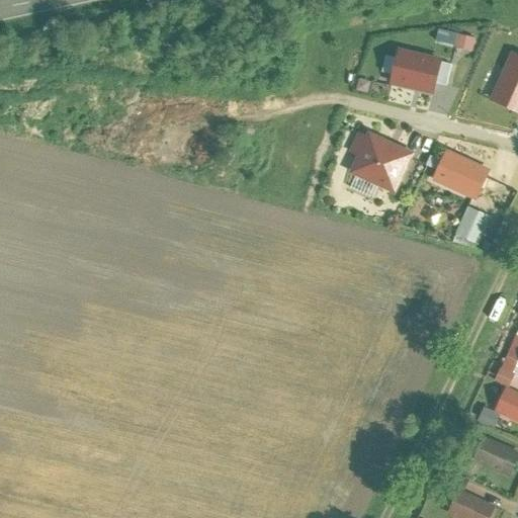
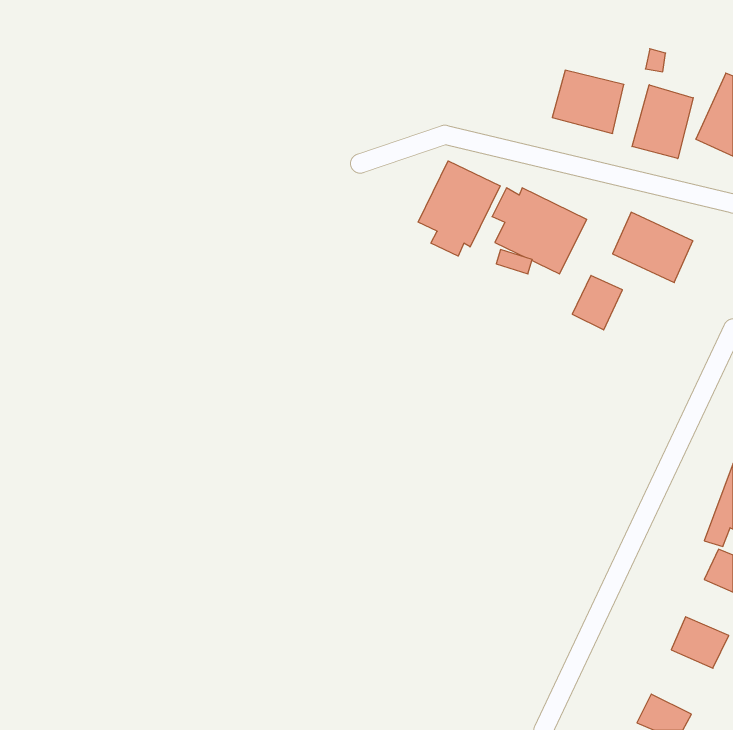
building: none -> [632,85,693,159]
building: none -> [418,161,500,256]
building: [456,205,492,244] -> [572,275,622,330]

